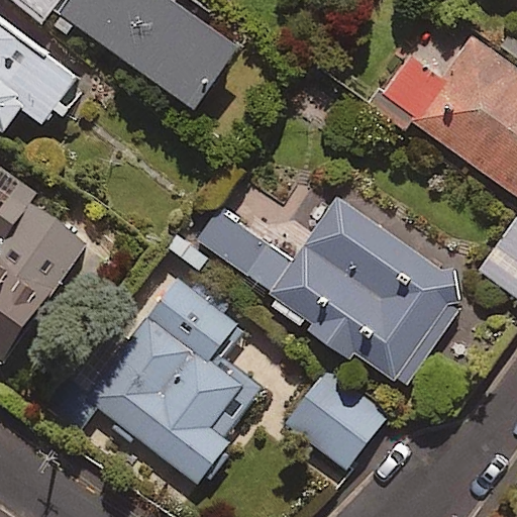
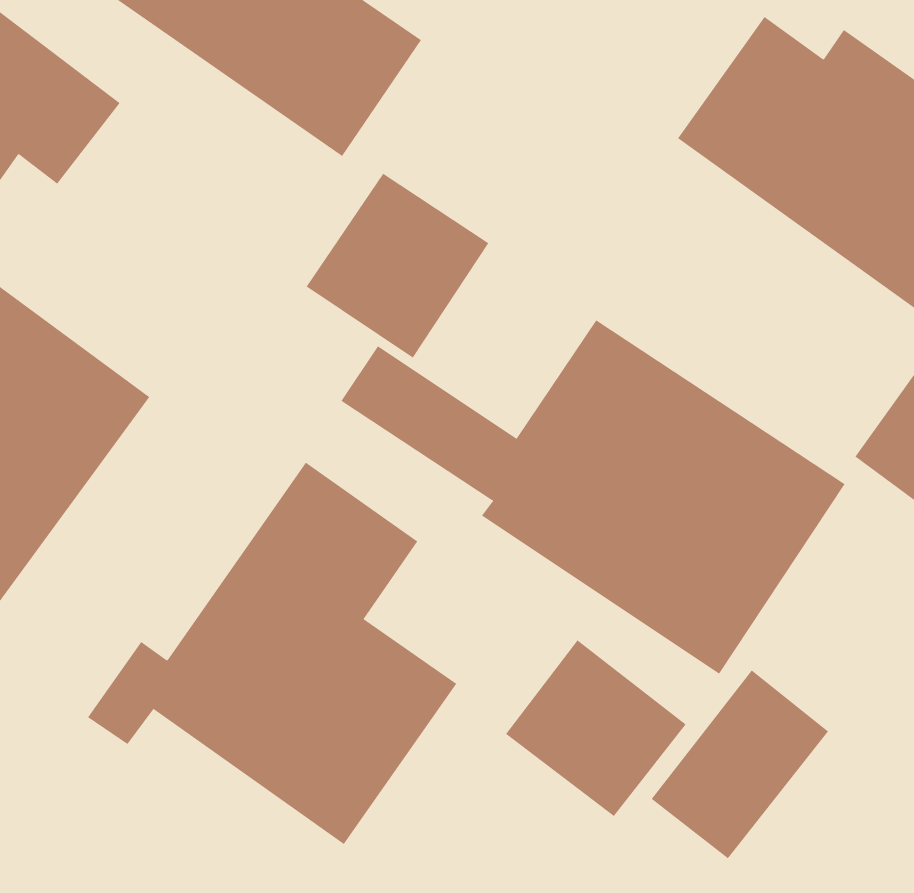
building: none -> [306,173,489,359]
building: none -> [651,670,829,859]

